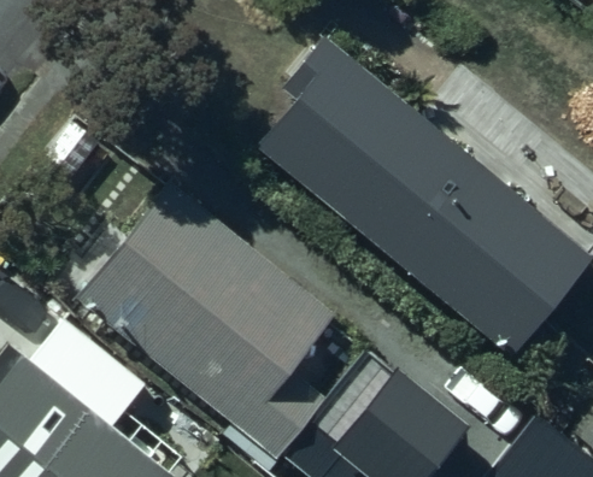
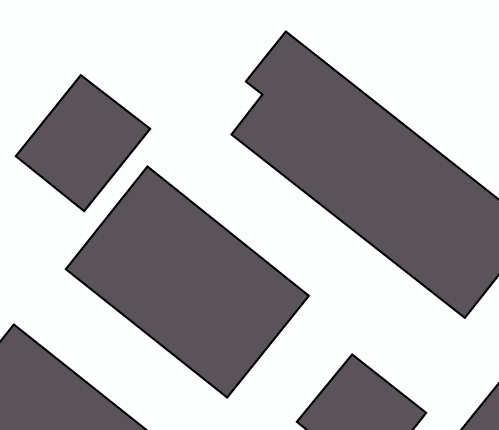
building: none -> [16,75,150,211]

